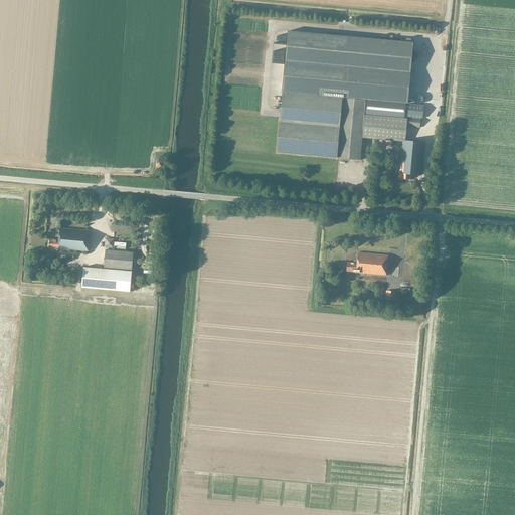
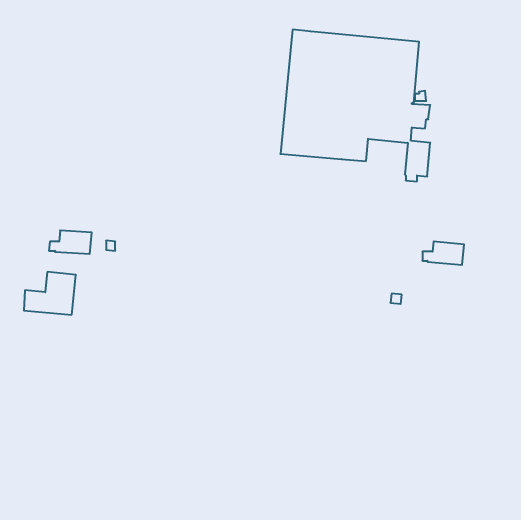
building: [82,248,134,291] -> [24,272,76,315]
building: [347,251,388,275] -> [422,241,464,265]

